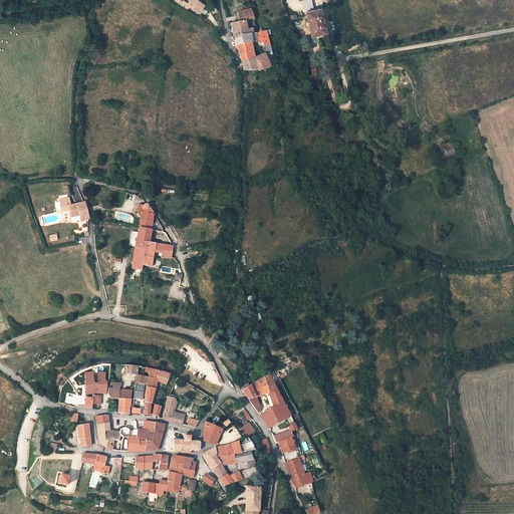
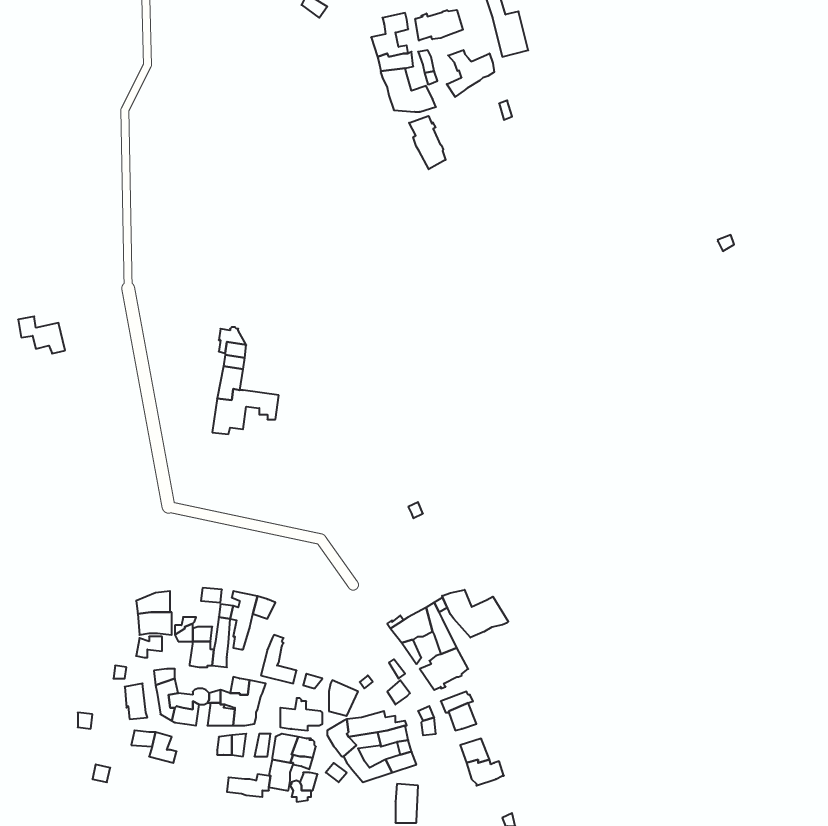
building: none -> [415,10,463,41]
building: none -> [447,50,494,97]
building: none -> [409,116,446,169]
building: [59,197,88,220] -> [18,316,65,354]
building: none -> [442,590,508,638]

